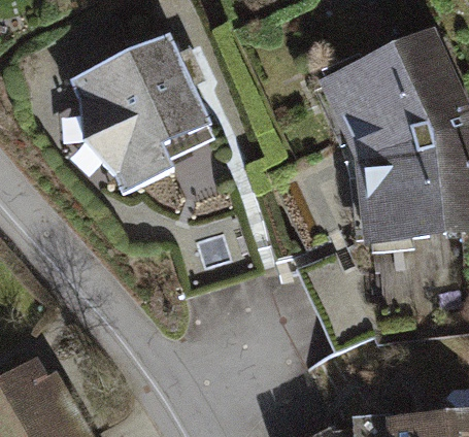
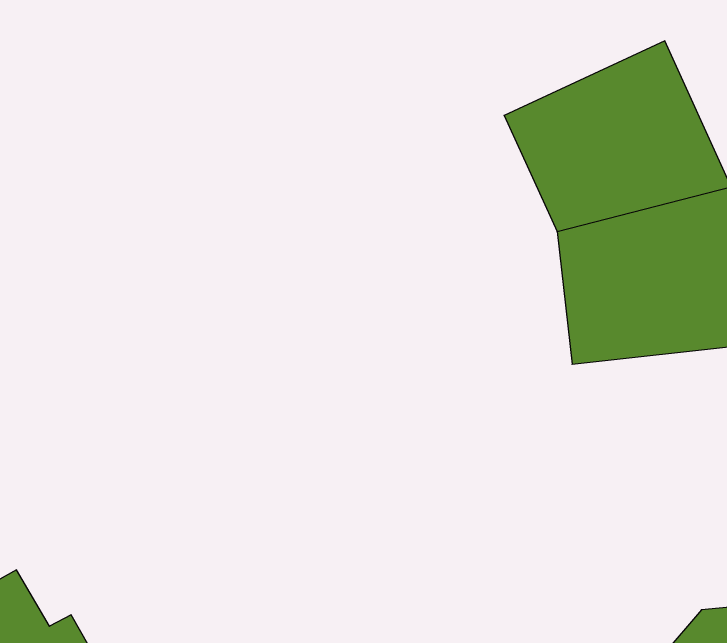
building: [70,34,209,193] -> none

